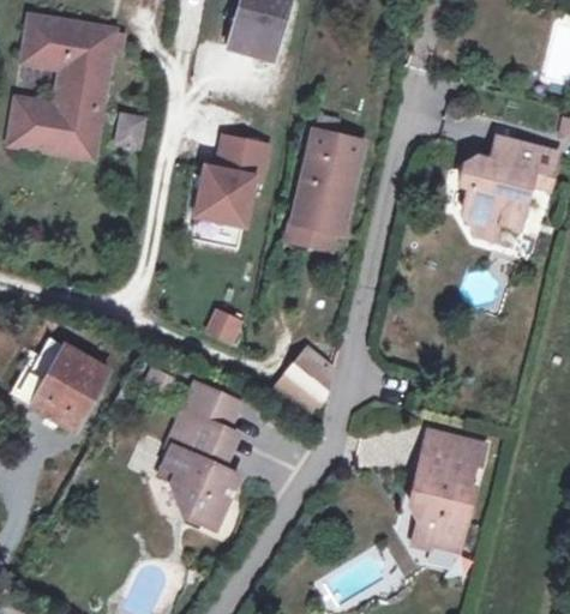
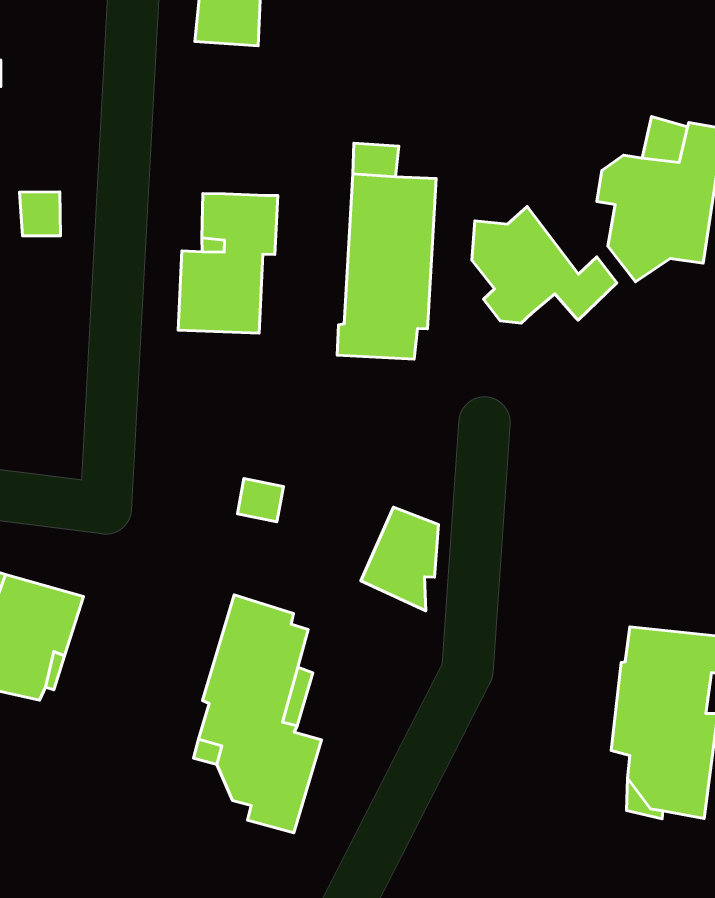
building: none -> [472,206,617,323]

